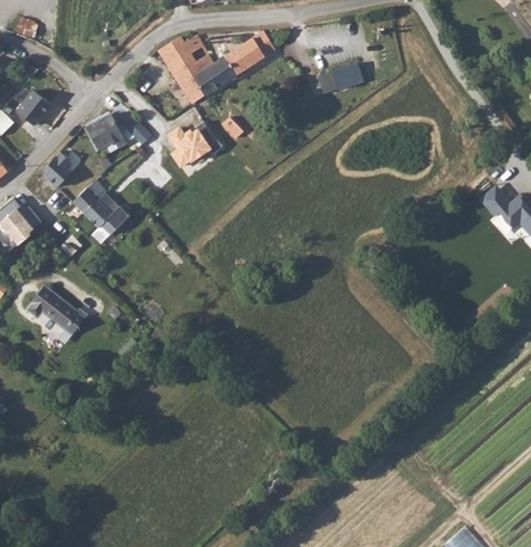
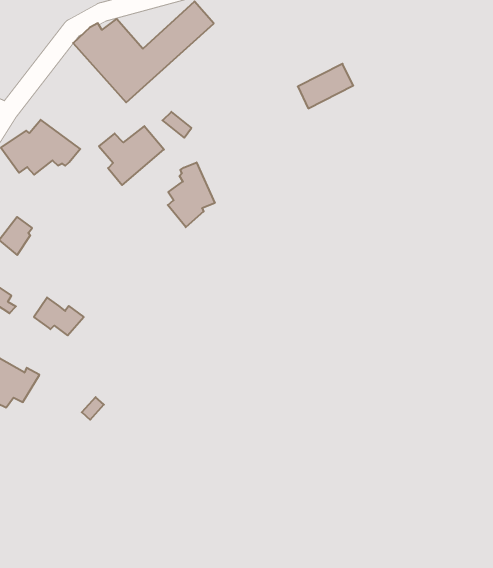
building: [318,64,364,97] -> [298,64,353,108]
building: none -> [168,162,215,227]
building: [86,201,127,234] -> [34,297,84,335]

